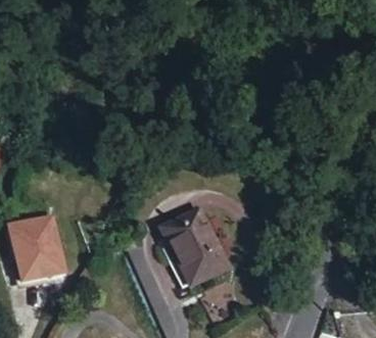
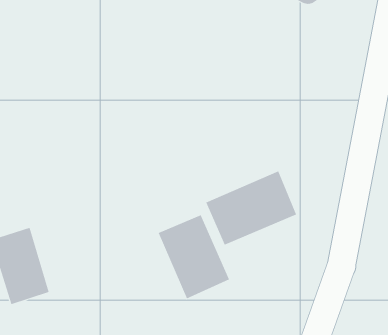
building: none -> [205,170,297,246]

